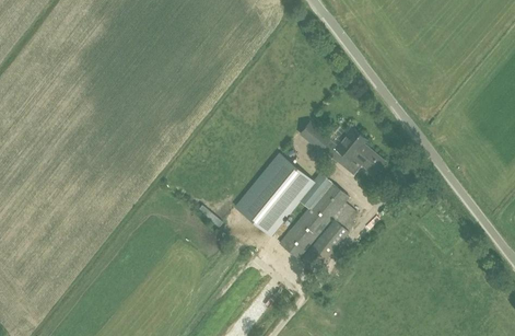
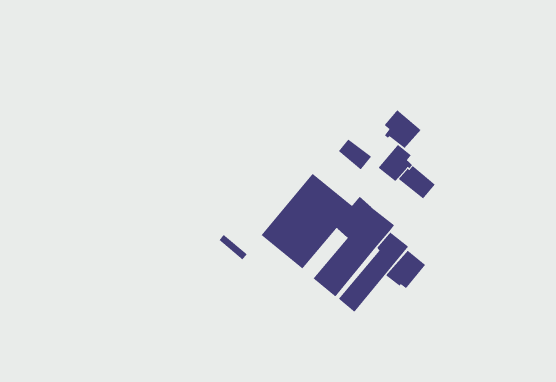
building: none -> [384,109,421,149]
building: none -> [385,250,426,289]

